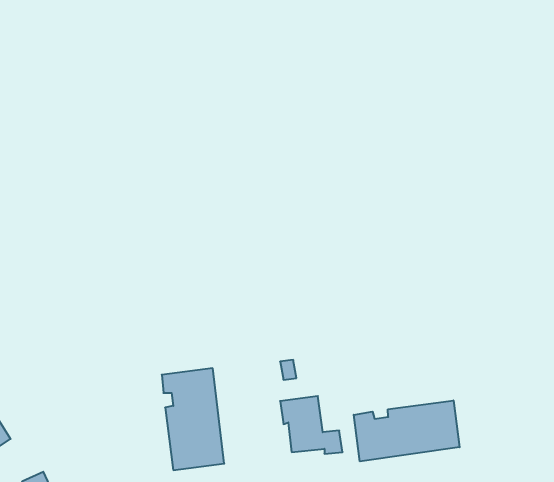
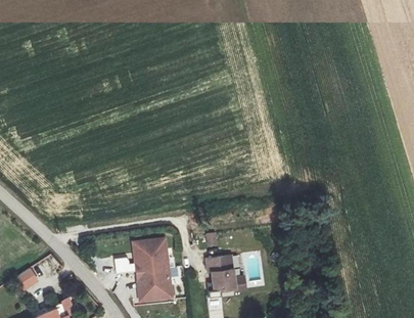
building: [354,400,460,461] -> none

